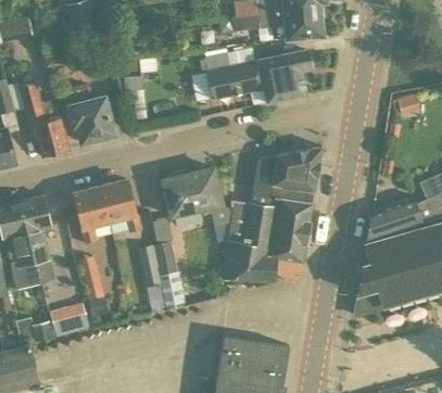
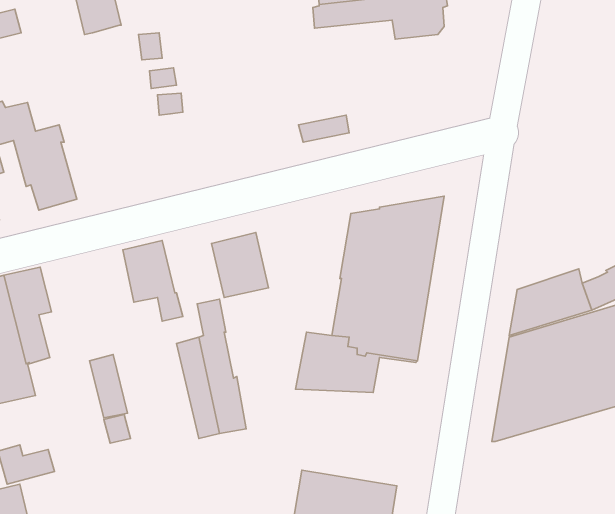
building: [205,49,310,101] -> none
building: [54,83,113,141] -> none
building: [191,167,250,242] -> none
building: [75,183,108,244] -> none
building: [49,305,89,337] -> none

